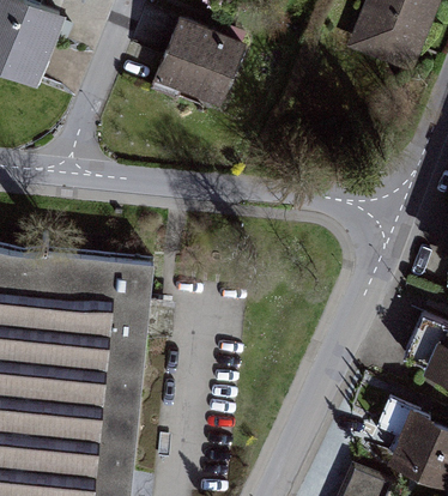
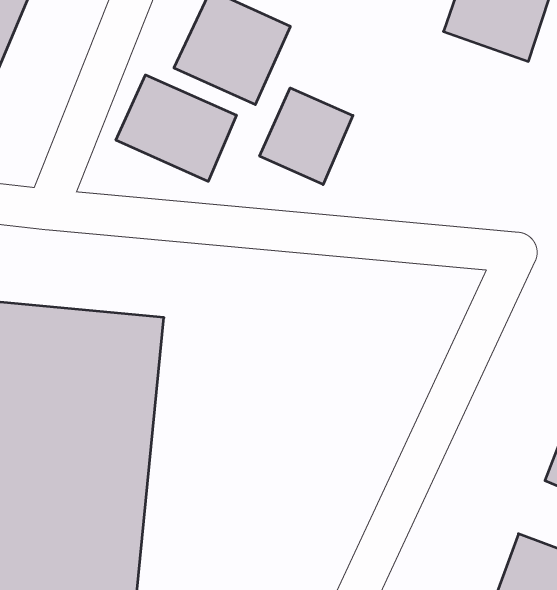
building: none -> [116,75,236,181]
building: none -> [260,88,353,185]

